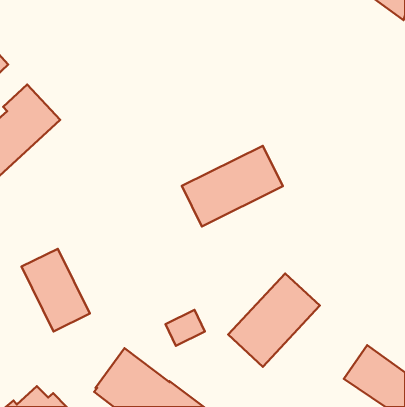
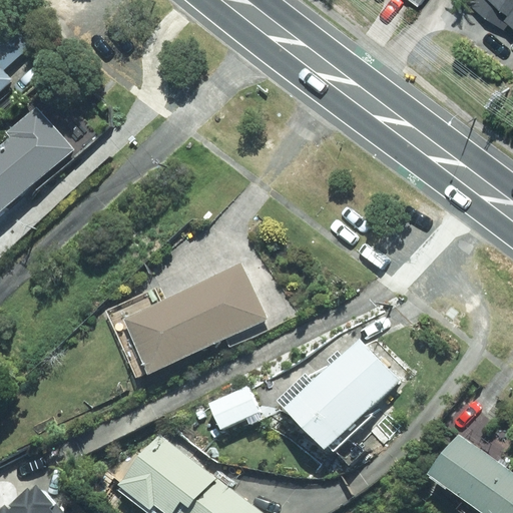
building: [182,146,283,226] -> none
building: none -> [120,263,267,380]
building: [21,249,90,331] -> none

